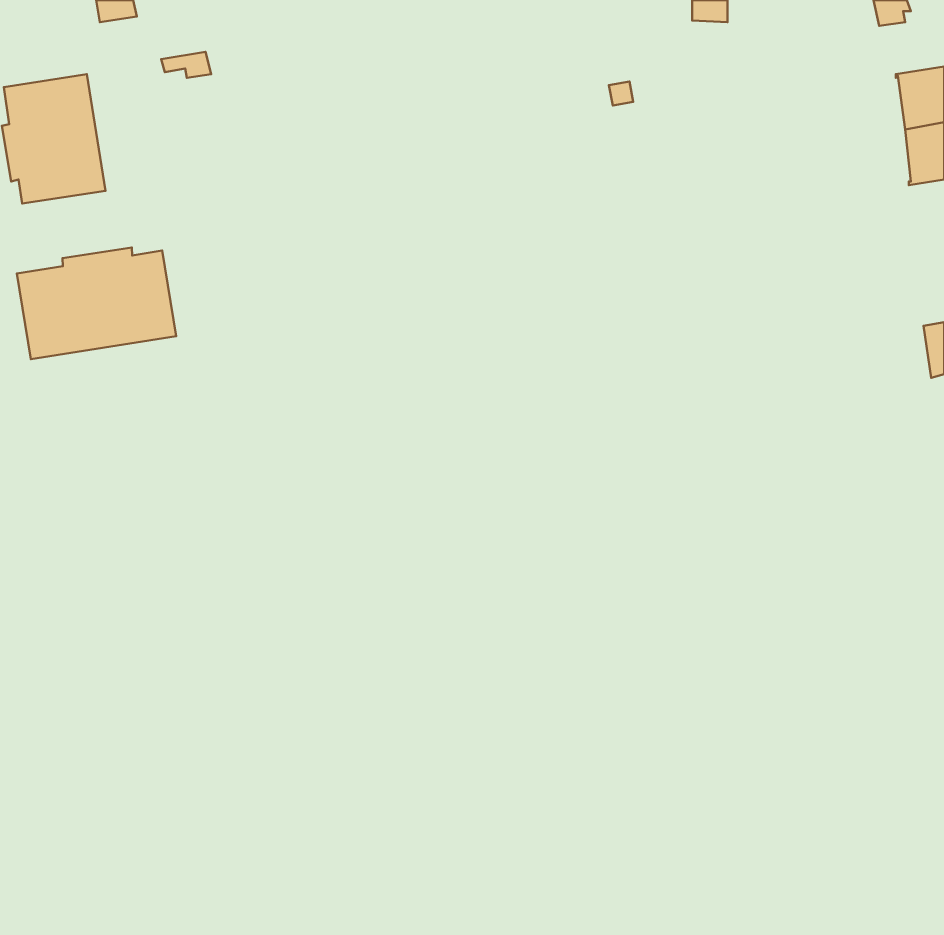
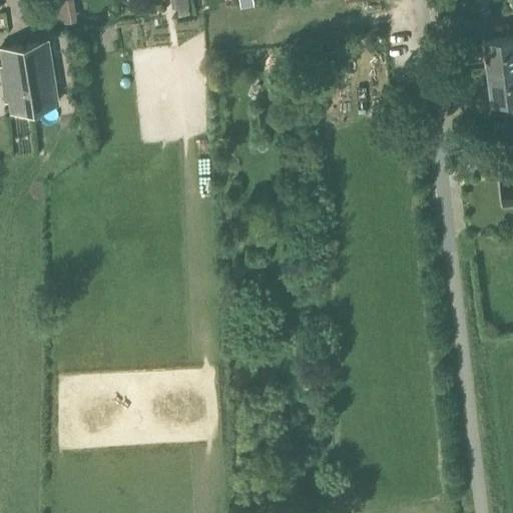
building: [17,248,176,359] -> none

